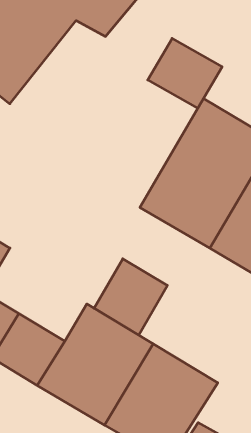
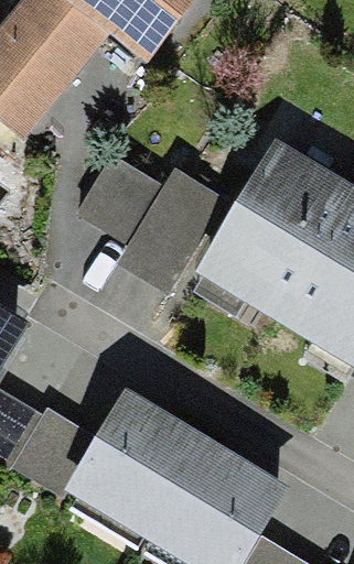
building: [148,38,222,108] -> none
building: none -> [78,158,226,296]
building: [94,259,167,335] -> none

